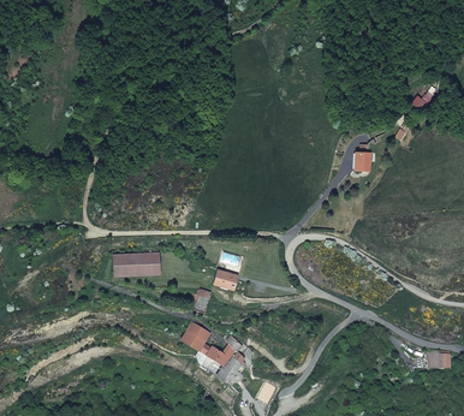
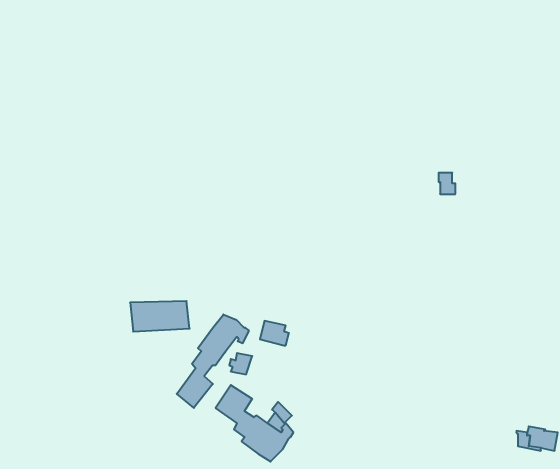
building: none -> [177,314,249,408]

